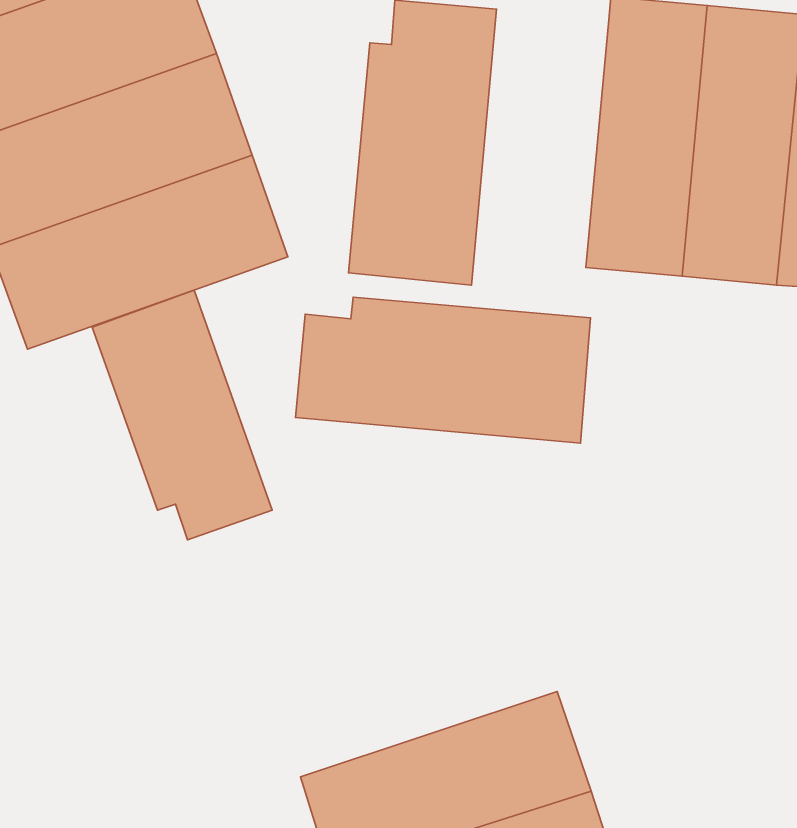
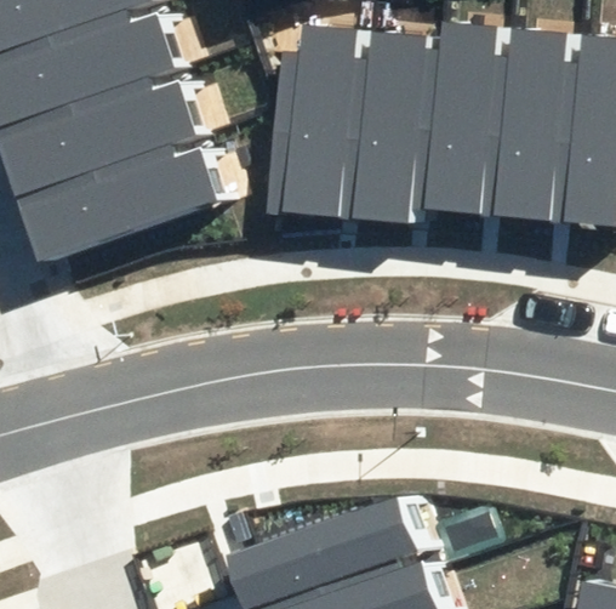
building: none -> [354,30,447,226]
building: [92,290,272,540] -> none
building: [295,297,590,443] -> none

